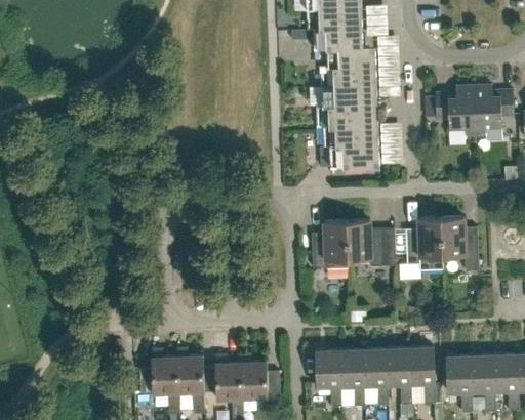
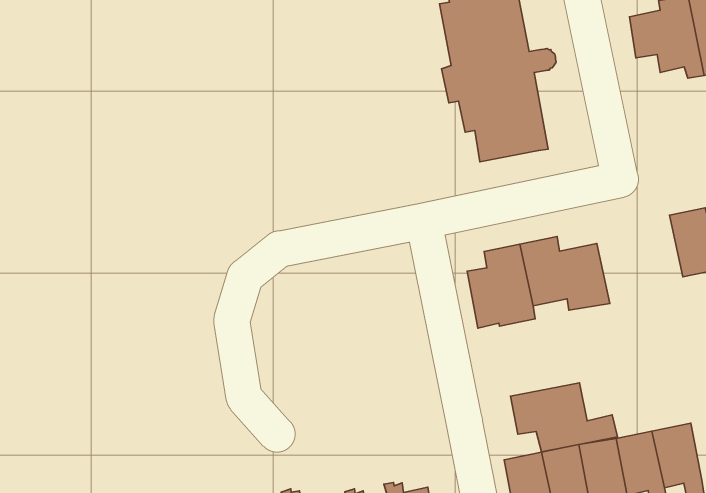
building: [408,217,445,269] -> none
building: none -> [510,383,618,452]

